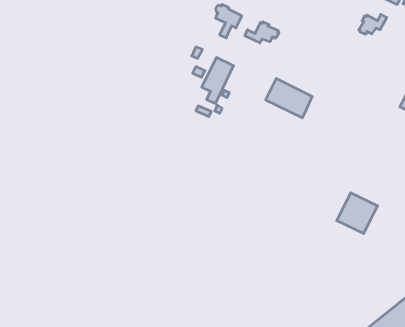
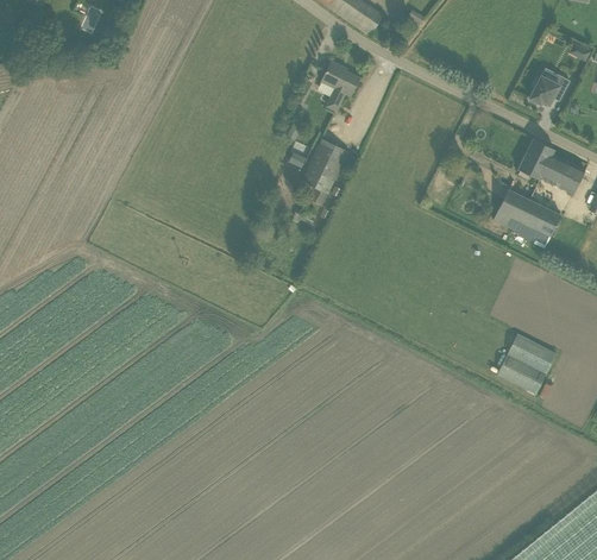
building: [245,22,279,43] -> none
building: none -> [517,138,584,193]
building: [266,79,312,118] -> [492,188,560,245]

